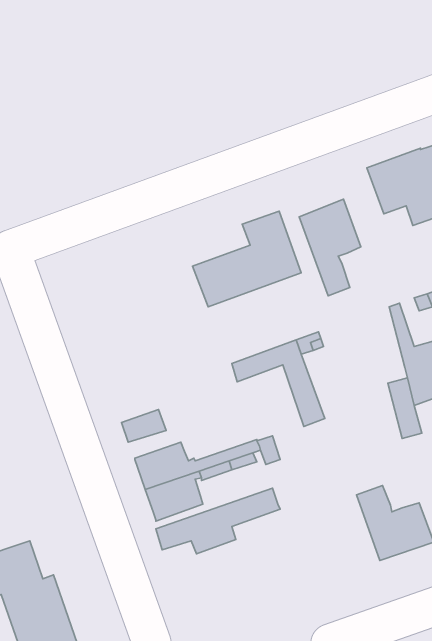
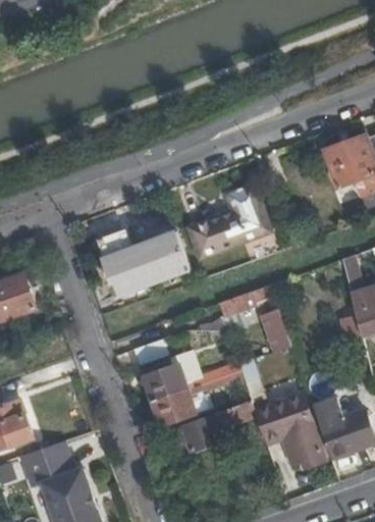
building: [299,199,361,296] -> none
building: none -> [101,229,189,292]
building: none -> [254,395,325,467]

